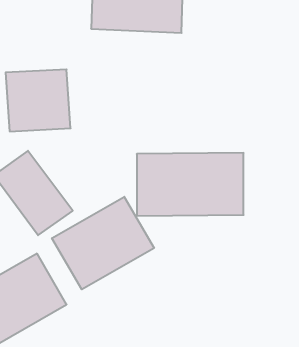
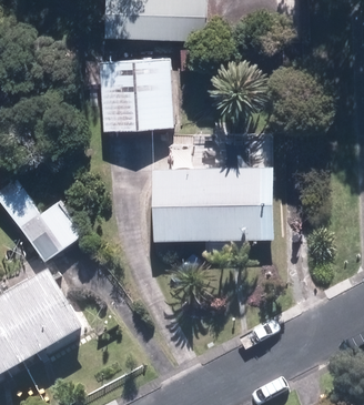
building: [6,69,71,131] -> [101,62,172,130]
building: [52,197,154,289] -> none

